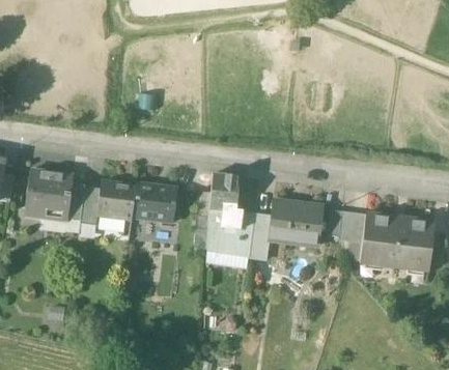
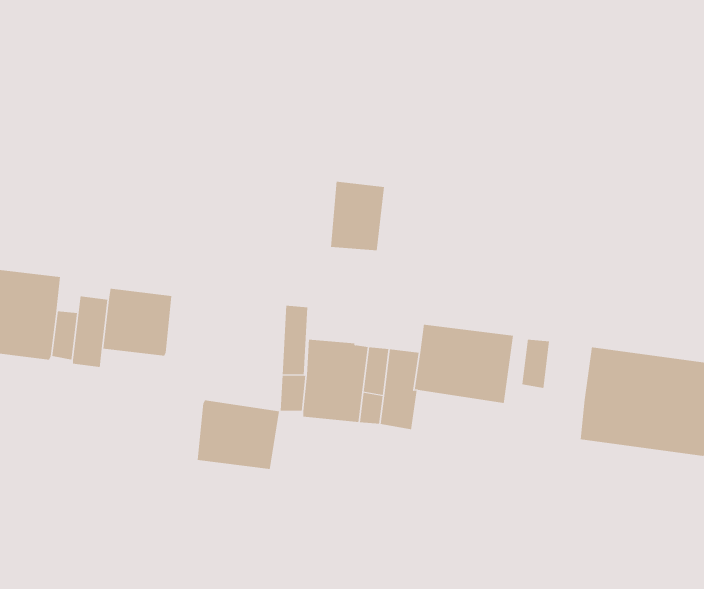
building: [211,173,241,211] -> [330,181,385,251]
building: [133,183,178,222] -> [197,400,280,470]
building: [339,210,366,243] -> none

